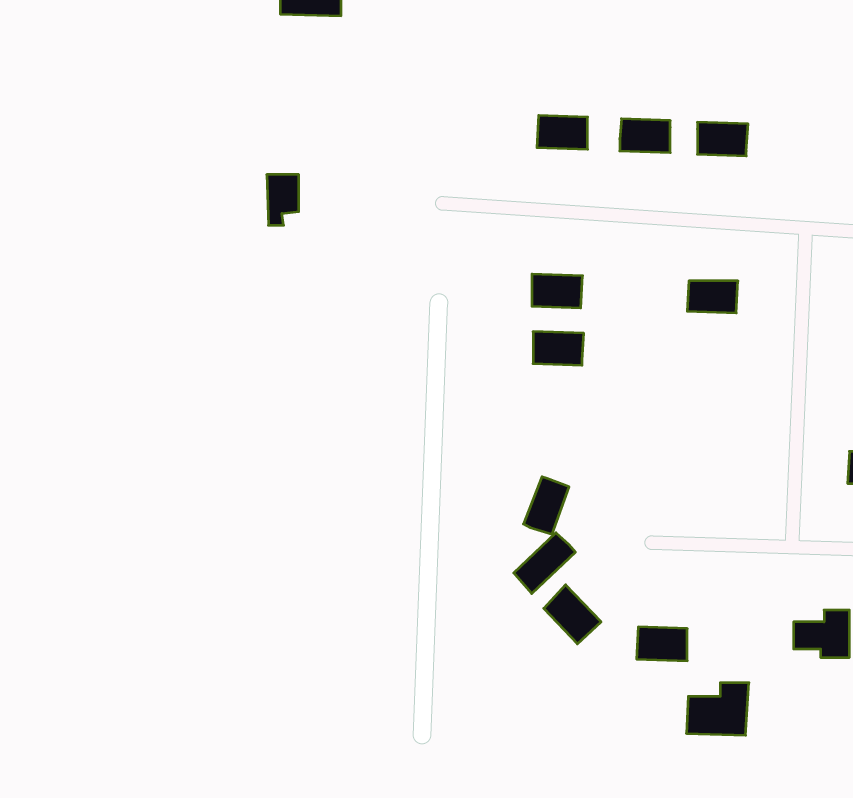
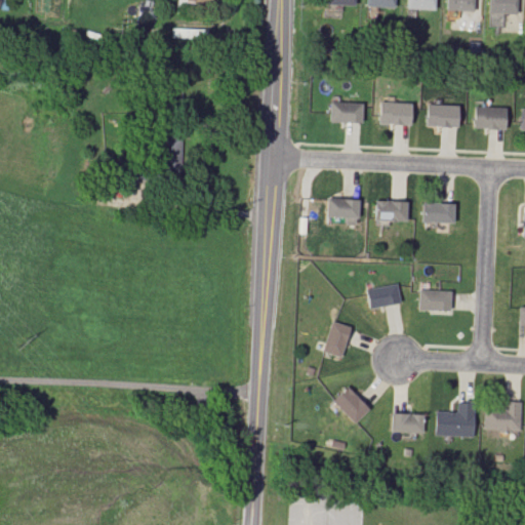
building: none -> [475,108,506,128]
building: [533,332,584,365] -> [376,200,407,220]
building: none -> [367,283,402,309]
building: none -> [420,289,451,310]
building: [514,533,575,594] -> none
building: [686,683,749,735] -> [438,403,476,435]

